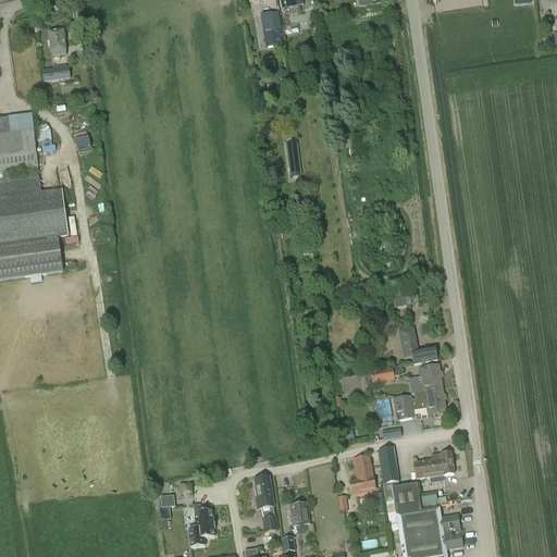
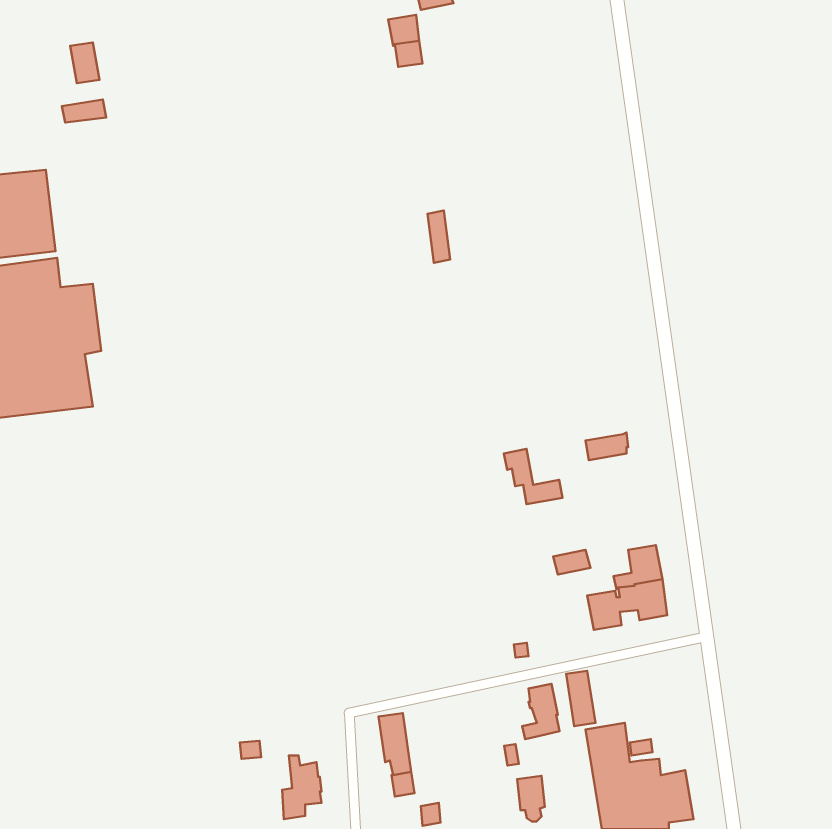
building: [397,326,436,363] -> [504,449,562,504]
building: [413,451,454,478] -> none
building: [289,502,308,532] -> [517,776,545,821]

